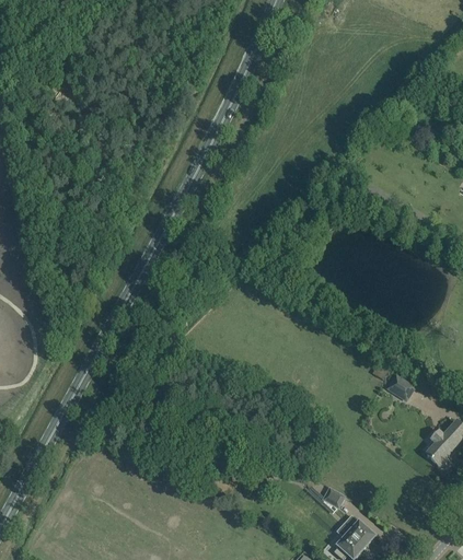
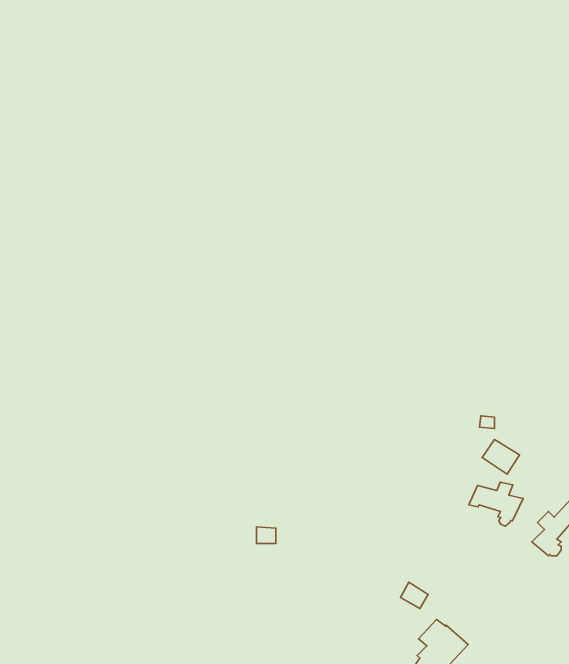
building: none -> [469,482,523,526]

